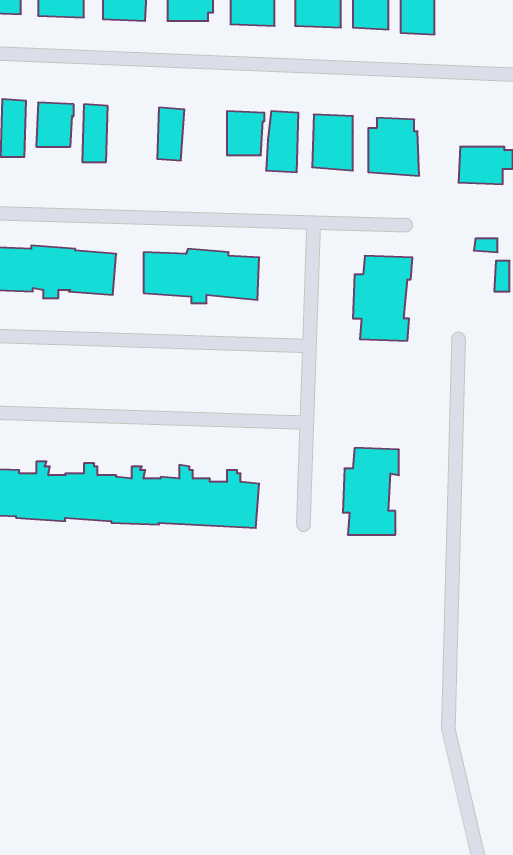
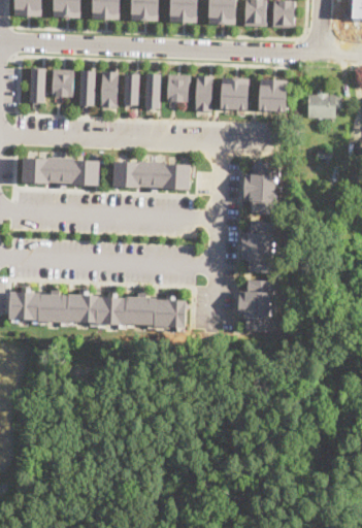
building: none -> [100,71,119,107]
building: none -> [145,72,161,108]
building: none -> [239,220,273,272]

